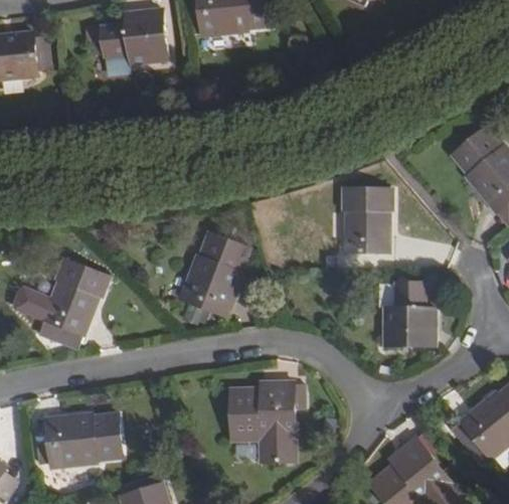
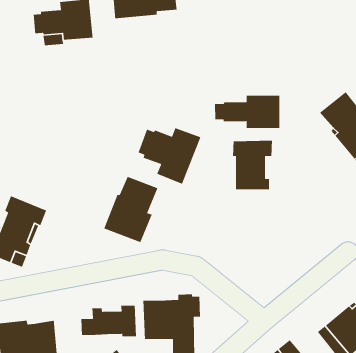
building: none -> [214,95,280,129]
building: none -> [137,127,202,185]
building: [384,283,436,346] -> none
building: none -> [81,305,137,337]

